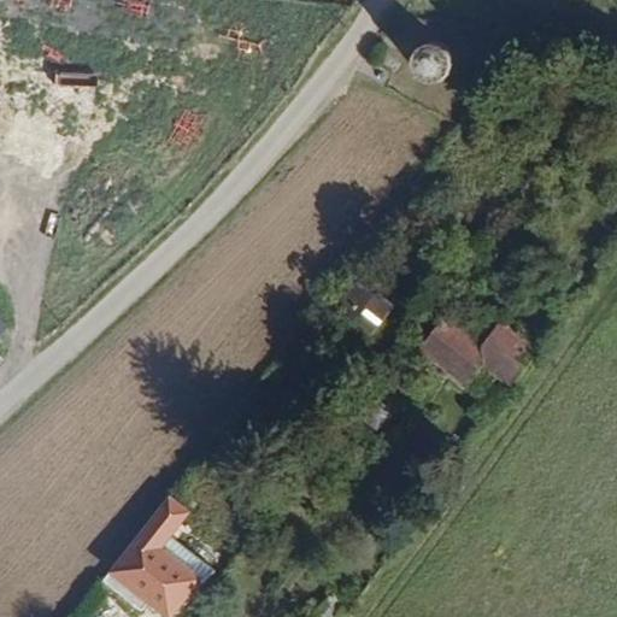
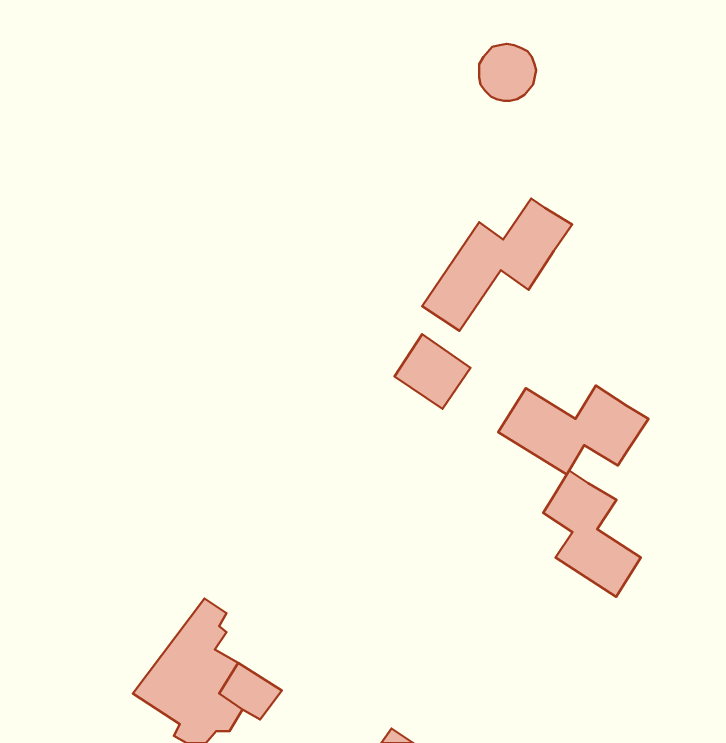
building: none -> [422,199,572,331]
building: none -> [543,470,641,597]

